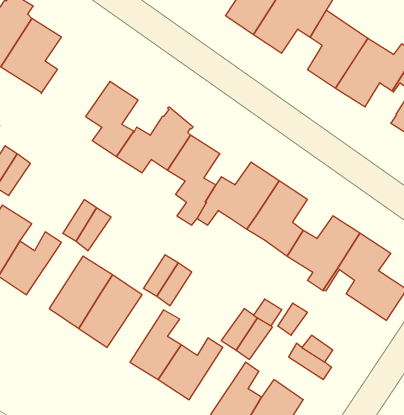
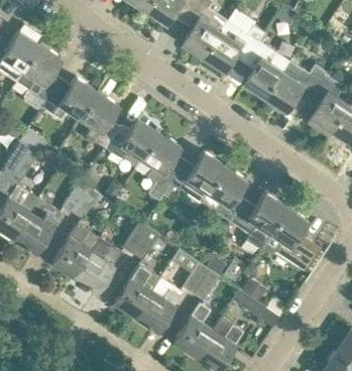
building: none -> [41,79,98,121]

